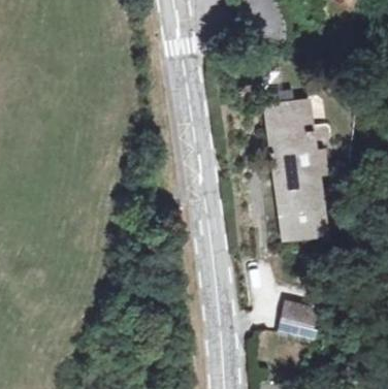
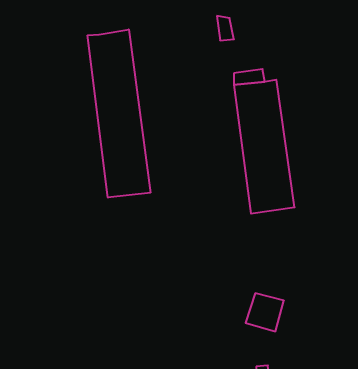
building: none -> [88,29,150,198]

